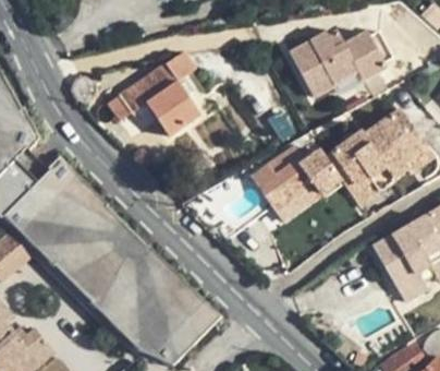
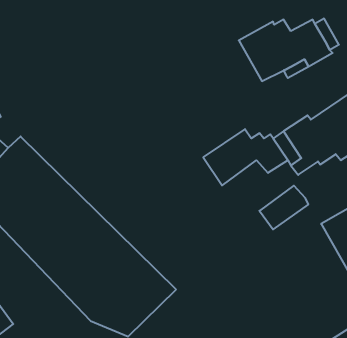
building: [110,51,200,135] -> none
building: [270,180,321,226] -> [259,186,308,229]

